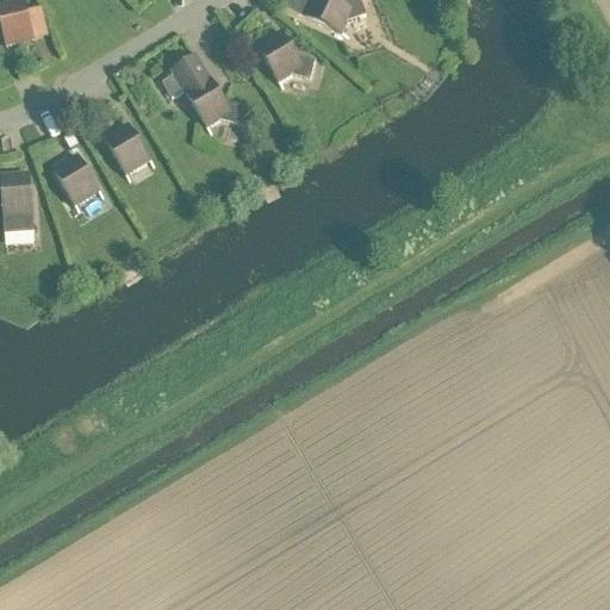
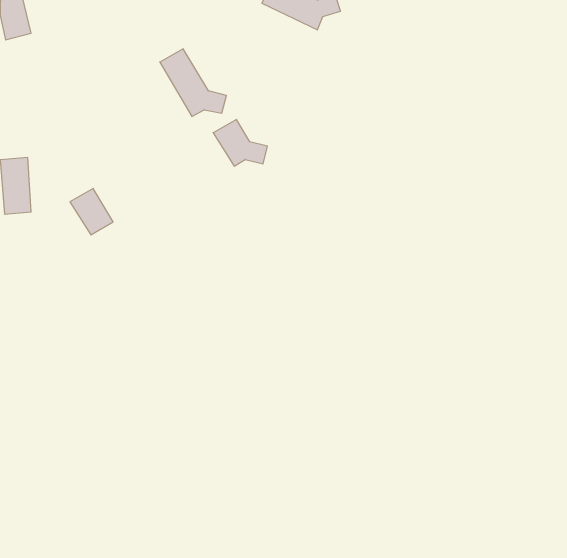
building: [256,29,315,79] -> [213,119,267,166]
building: [104,122,150,172] -> none
building: [52,152,99,203] -> [70,188,113,235]

